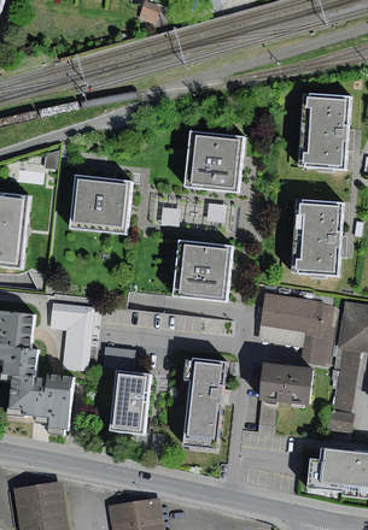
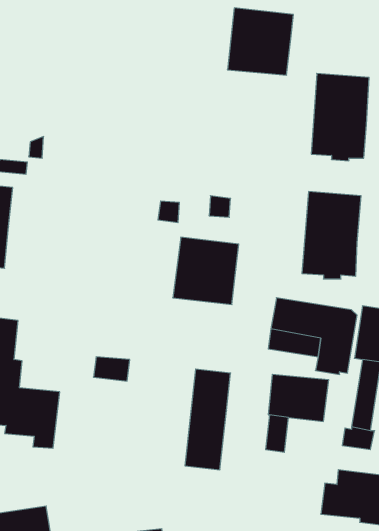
building: [183,130,243,190] -> [227,8,293,75]
building: [69,176,130,234] -> none
building: [49,302,93,369] -> none
building: [109,371,148,434] -> none

